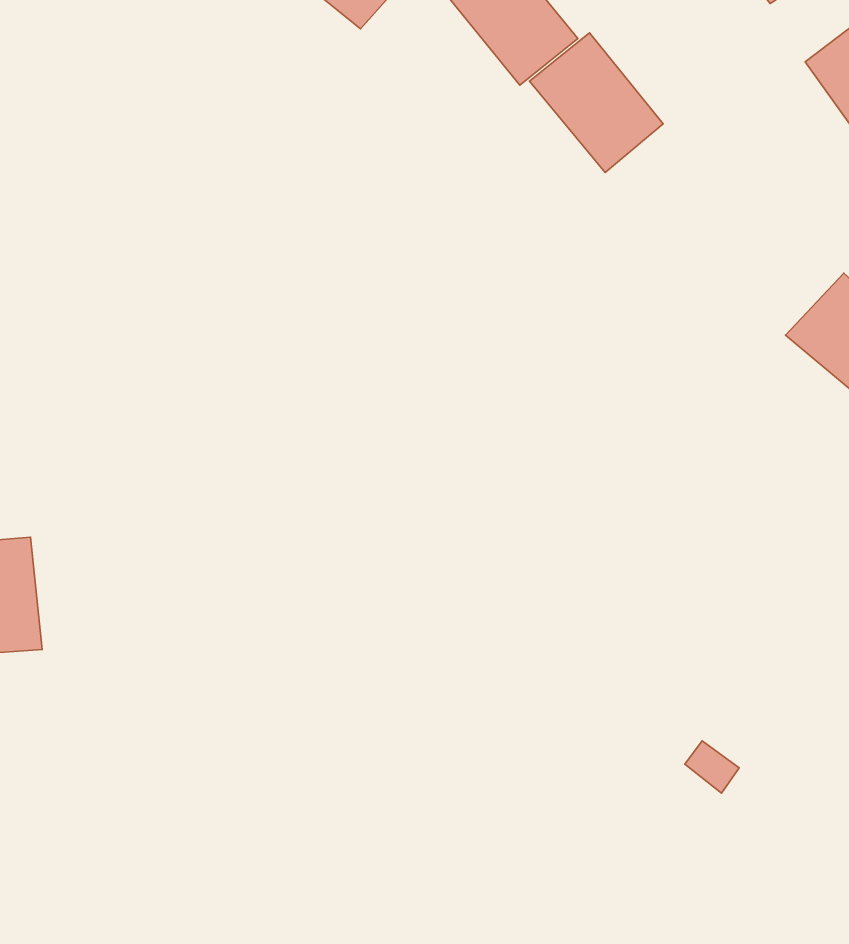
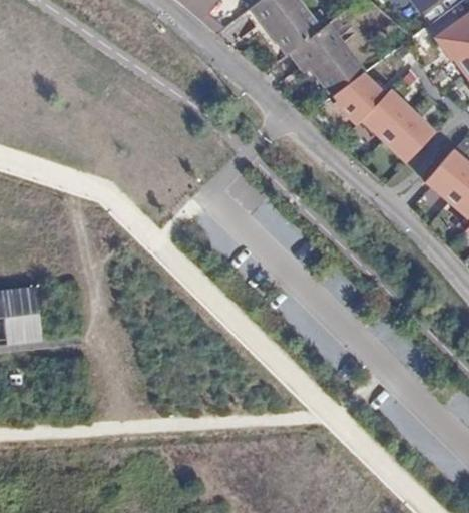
building: none -> [337,69,437,162]

